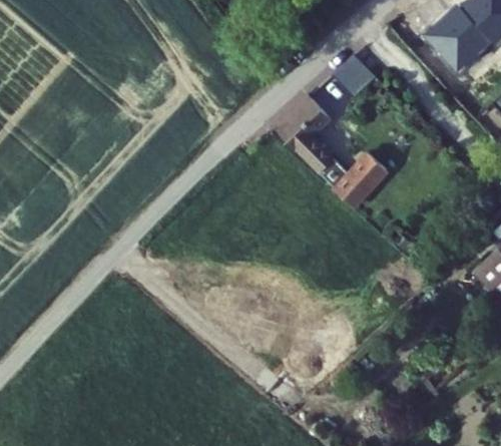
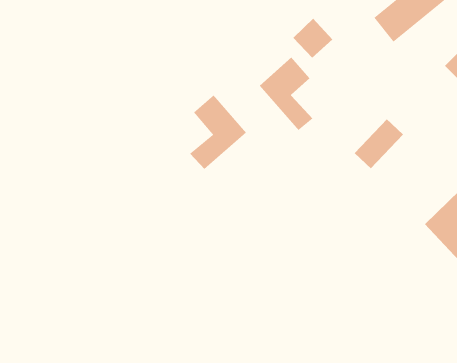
building: none -> [189,94,247,170]
building: [339,152,392,206] -> [354,118,404,169]

